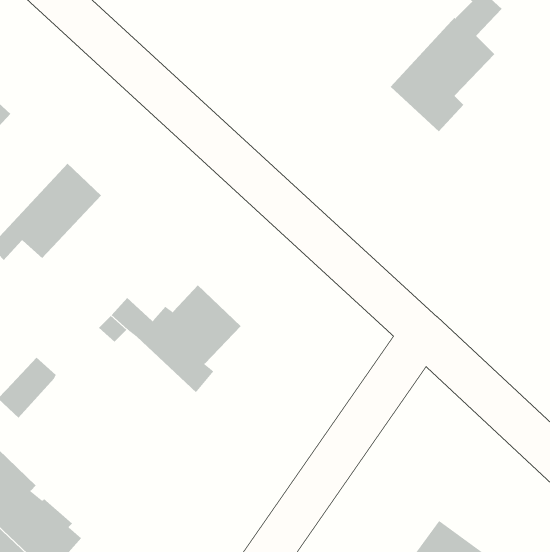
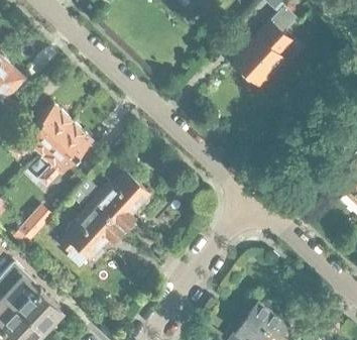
building: none -> [39,121,92,186]
building: none -> [60,200,125,266]

